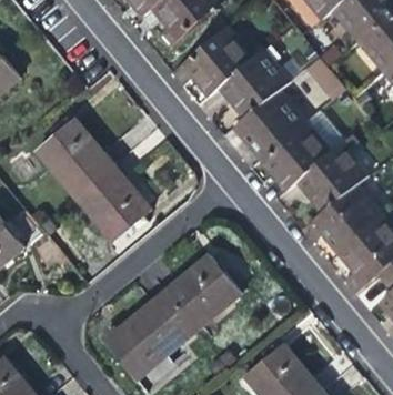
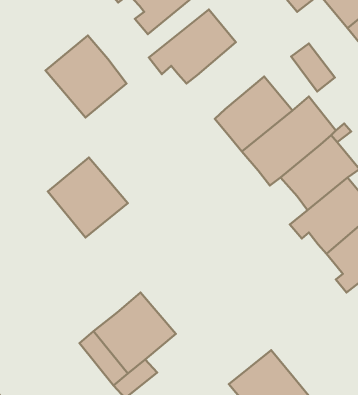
building: [215,47,289,118] -> none
building: [37,118,113,195] -> [46,35,127,118]
building: [162,253,241,330] -> none

